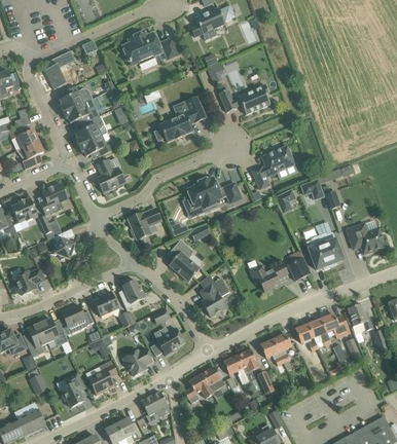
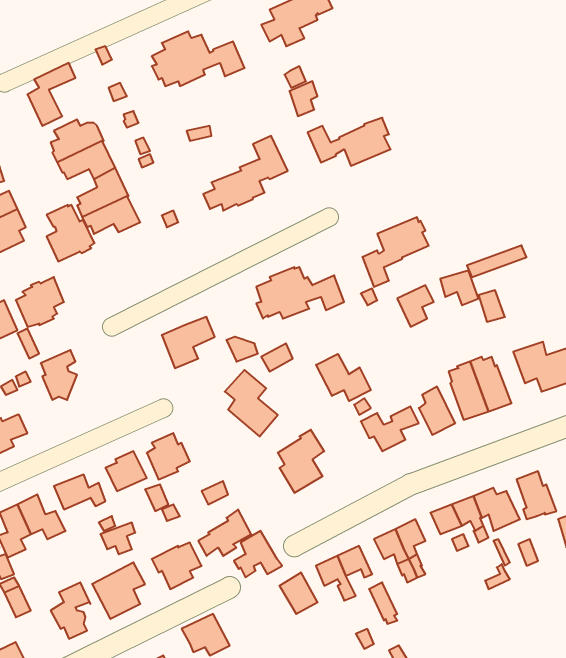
building: [96,158,125,193] -> [47,205,95,261]
building: none -> [316,354,371,401]
building: [184,374,214,403] -> [234,531,282,577]

